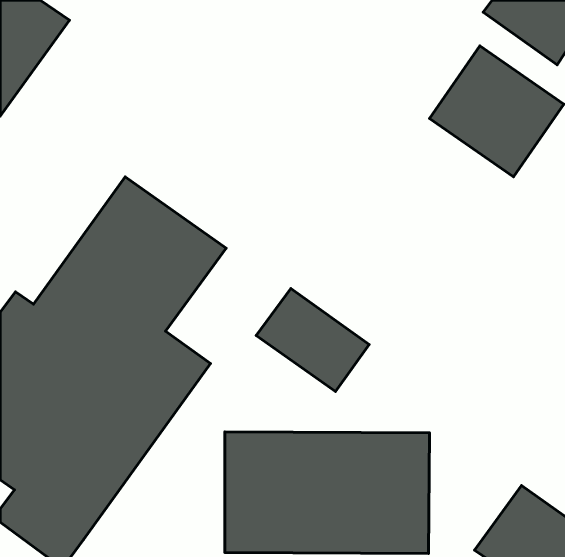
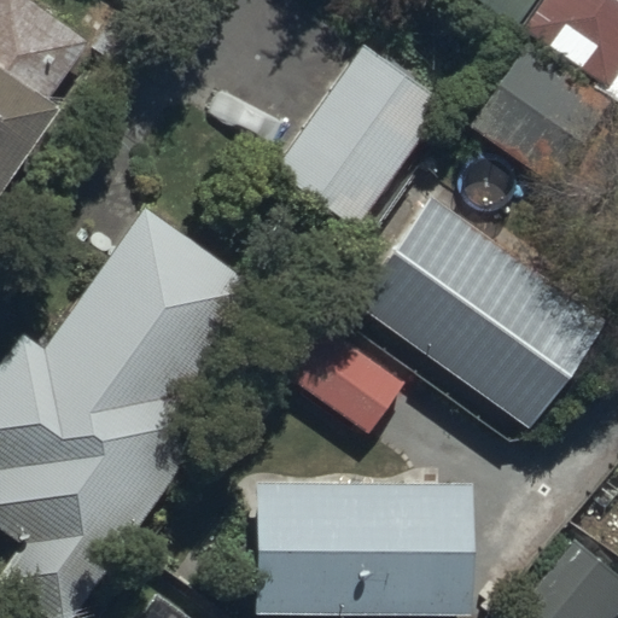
building: none -> [276,45,447,226]
building: none -> [345,191,605,426]

